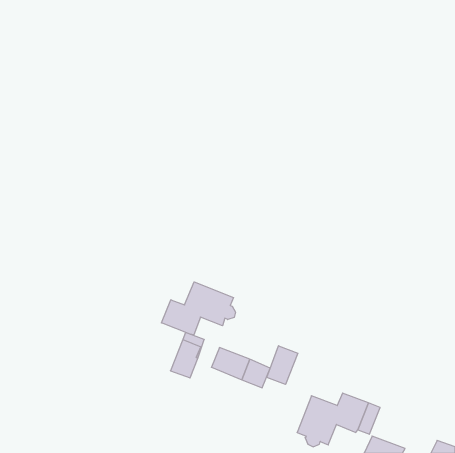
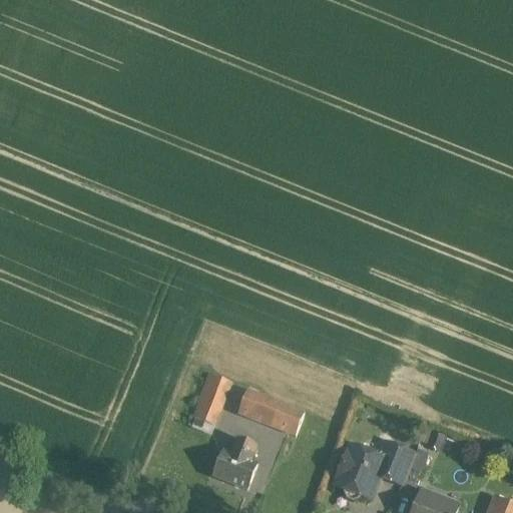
building: [161,282,236,335] -> none
building: [267,346,298,384] -> none
building: none -> [213,438,256,488]

